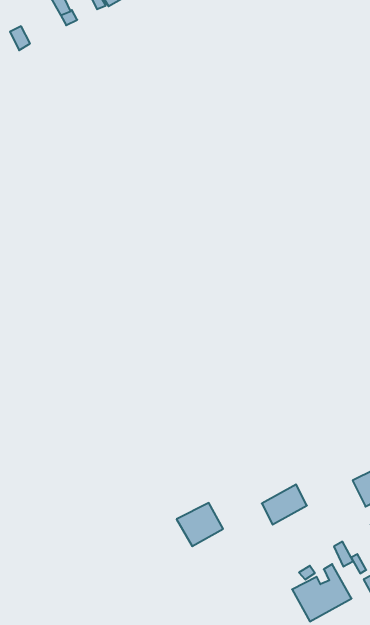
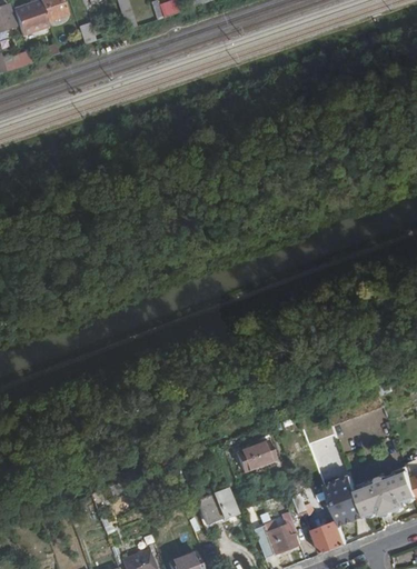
building: [177,503,223,546] -> [196,490,234,525]

